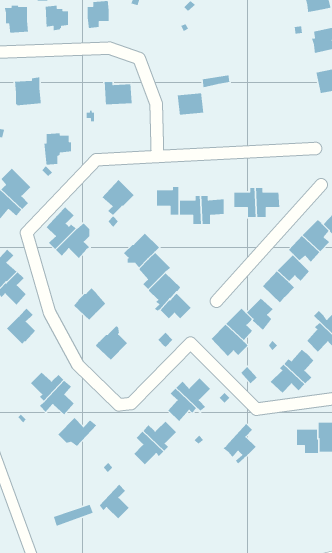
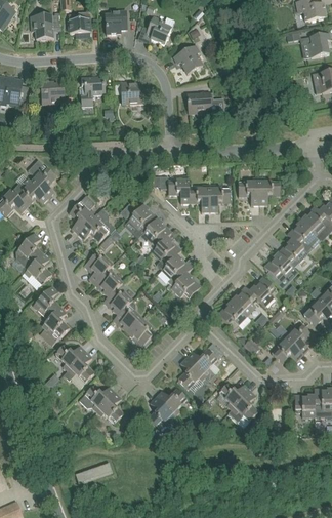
building: none -> [147,15,174,45]
building: none -> [173,45,202,74]
building: [43,133,72,166] -> [79,77,105,107]
building: [102,179,135,216] -> [128,204,158,237]
building: none -> [84,254,114,284]
building: none -> [102,290,133,316]
building: none -> [40,307,69,345]
building: none -> [127,318,152,348]
building: none -> [218,383,249,410]
building: [99,484,129,519] -> [96,392,124,424]

